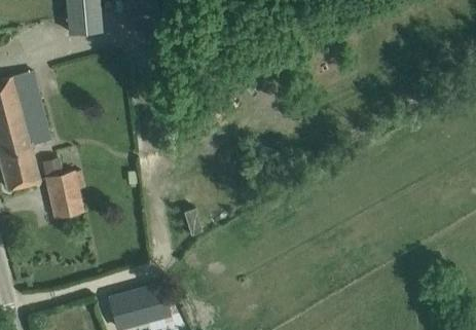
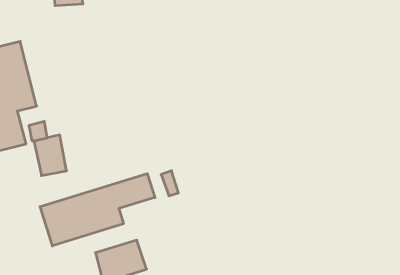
building: none -> [40,174,155,246]

